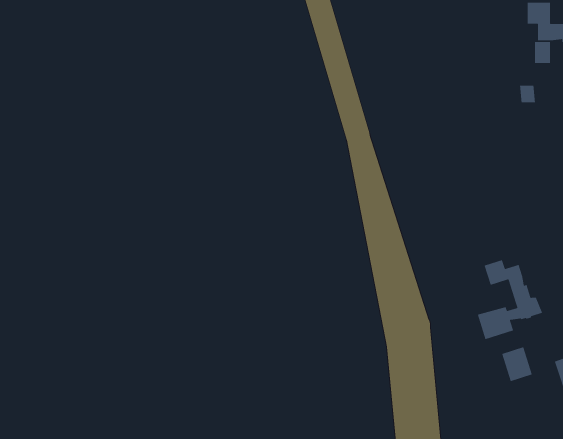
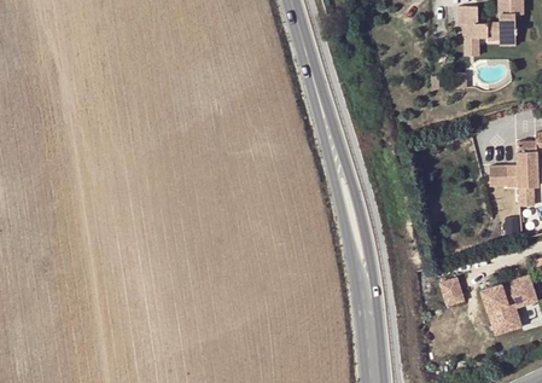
building: [477,259,543,340] -> none

